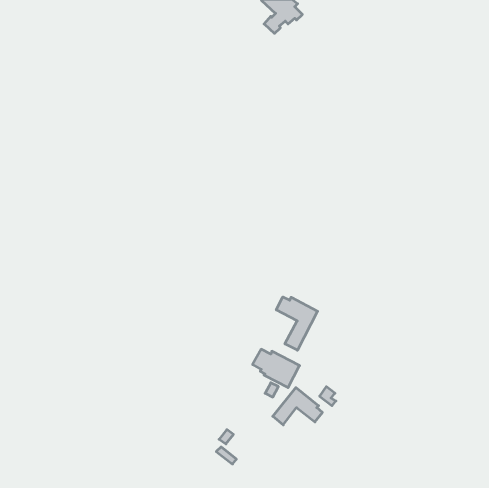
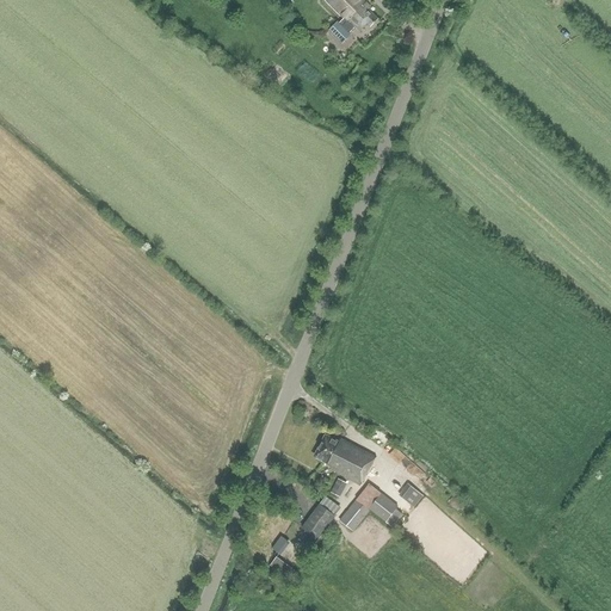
building: [276,297,318,350] -> none
building: none -> [301,495,340,539]

